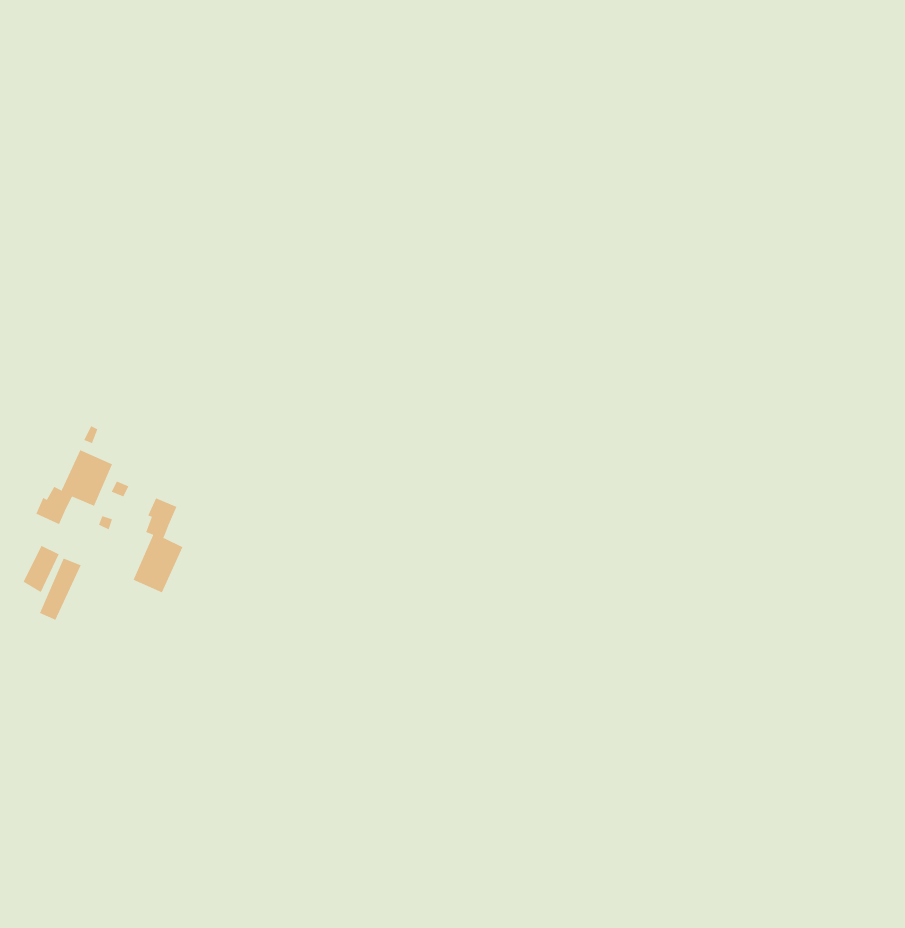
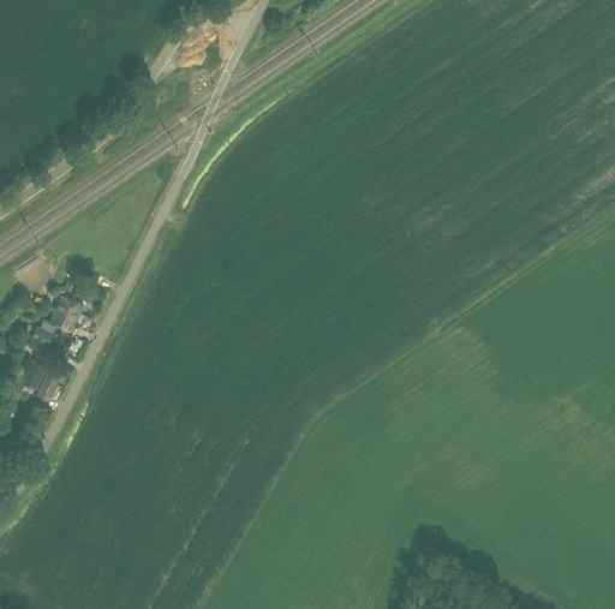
building: [133,497,183,593] -> none

